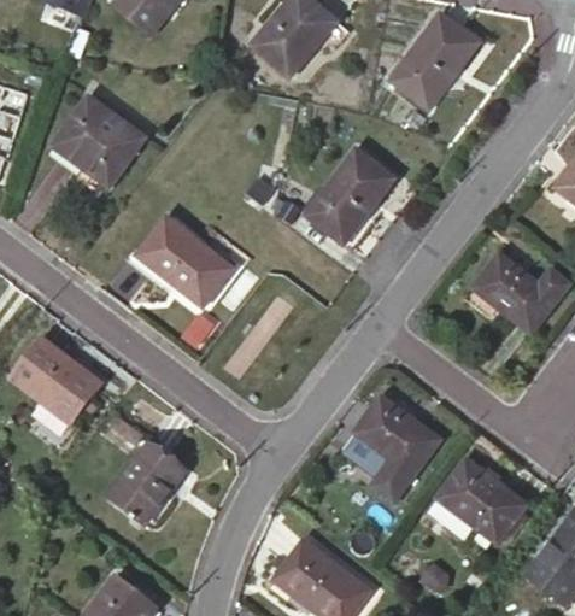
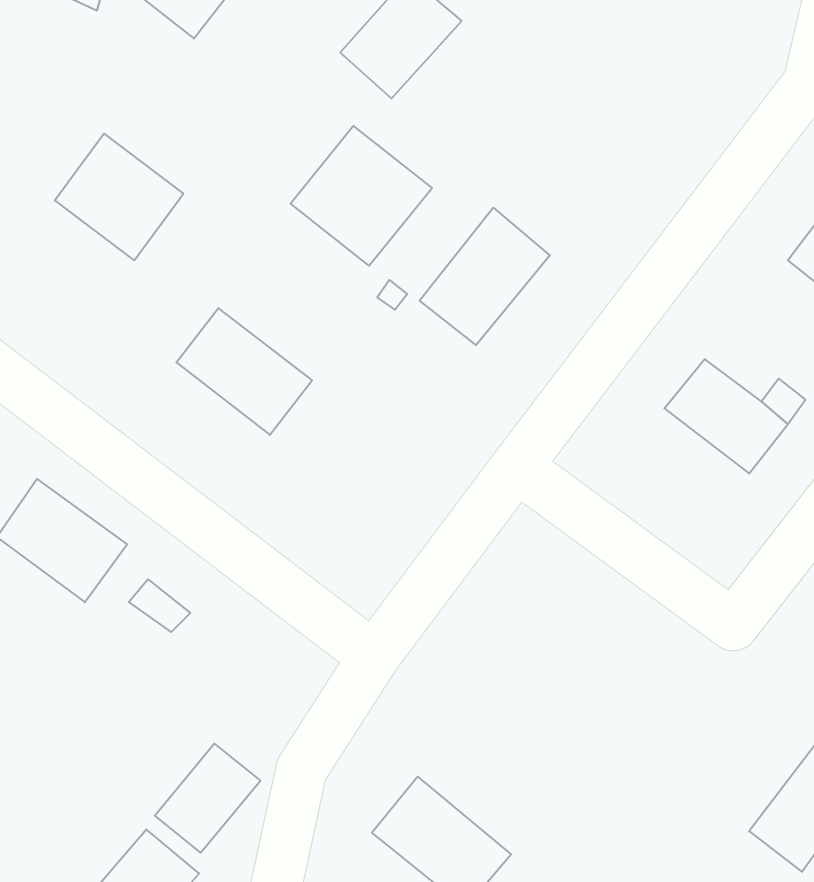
building: [389,13,477,108] -> none
building: none -> [291,126,432,266]
building: [357,397,440,499] -> none
building: [113,445,186,520] -> [155,744,260,853]
building: [439,460,527,544] -> none

